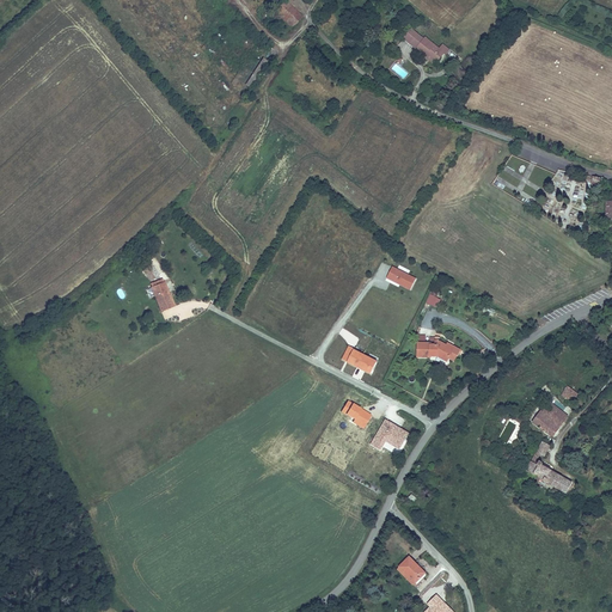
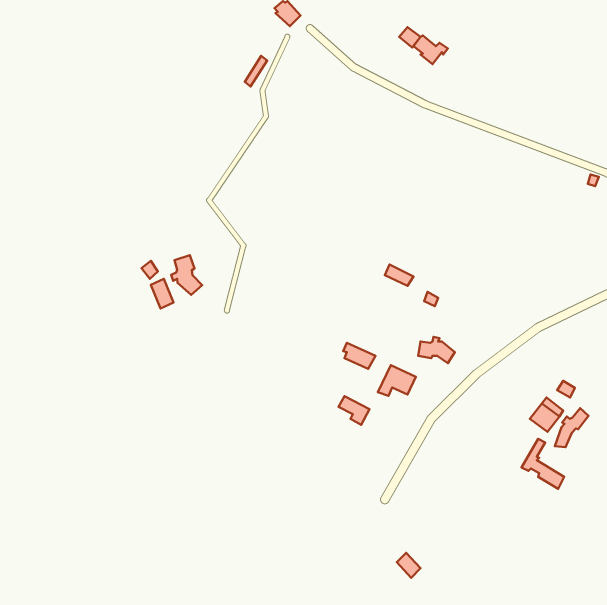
building: none -> [171,255,202,295]
building: none -> [555,408,588,447]
building: [371,417,409,448] -> [378,365,416,396]

